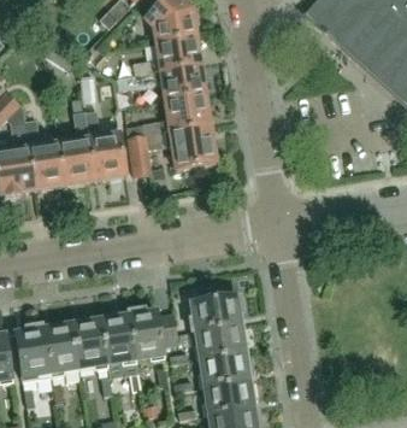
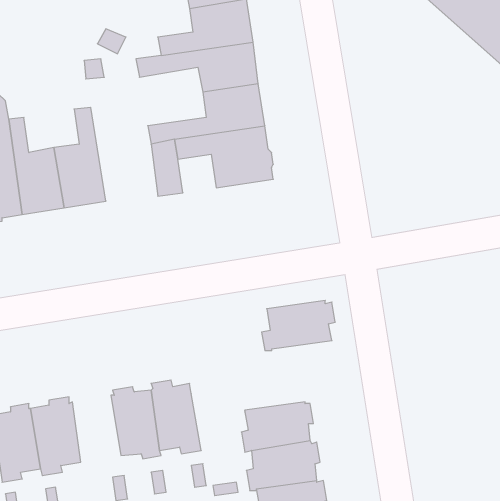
building: [85,109,126,178] -> none
building: [189,294,242,330] -> [262,300,335,351]
building: [72,317,108,369] -> none

